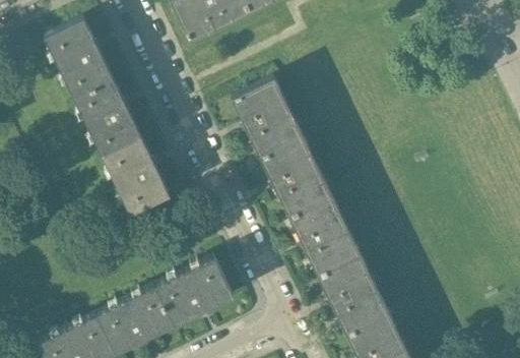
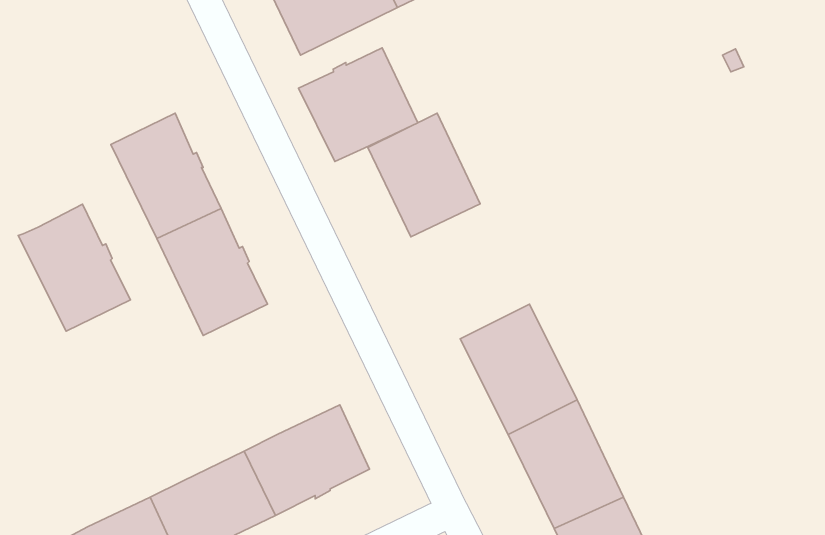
building: [44,17,113,96] -> [18,204,130,331]
building: none -> [298,48,418,162]
building: [258,132,331,216] -> none

